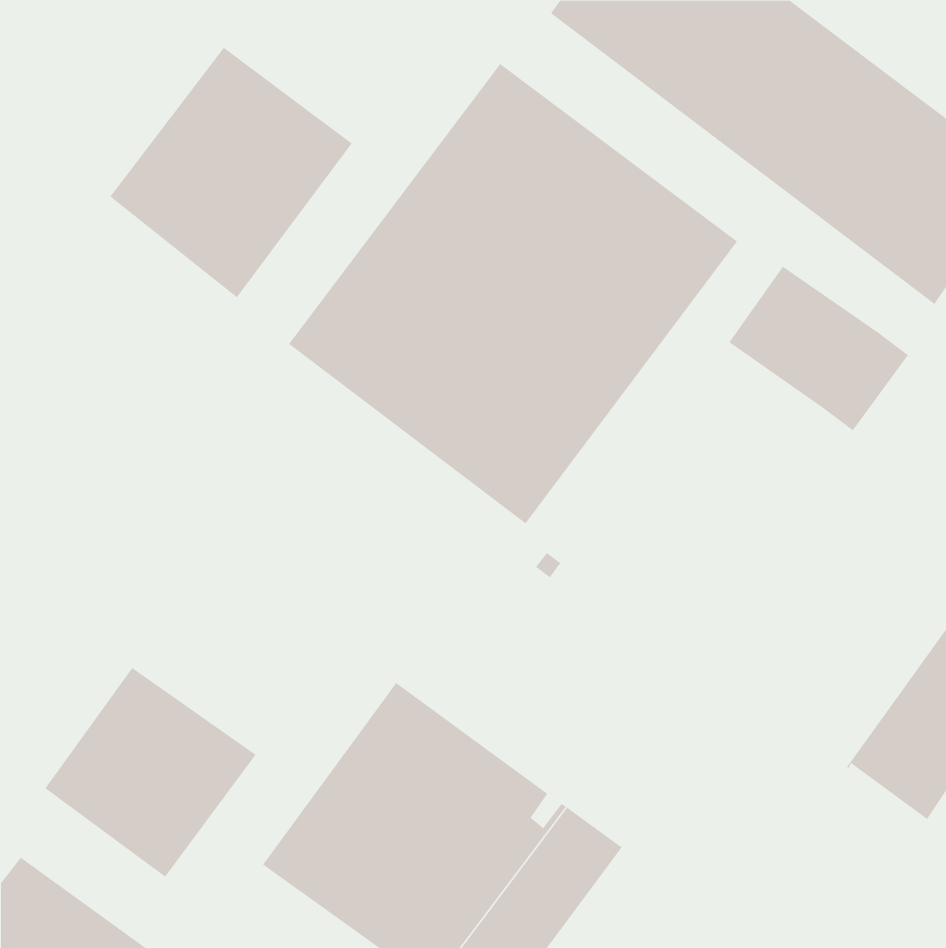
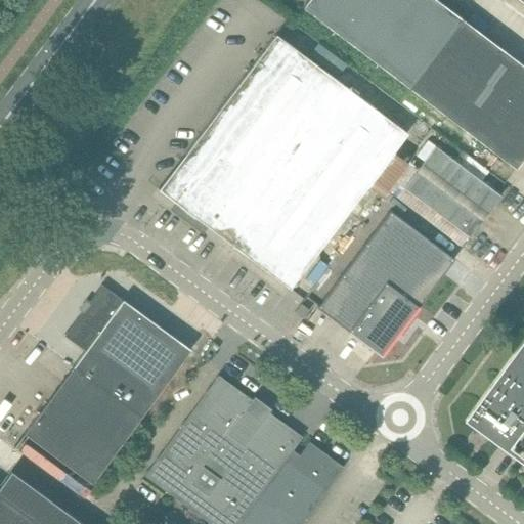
building: [109,47,353,298] -> none
building: none -> [320,213,454,356]
building: none -> [67,286,192,417]

